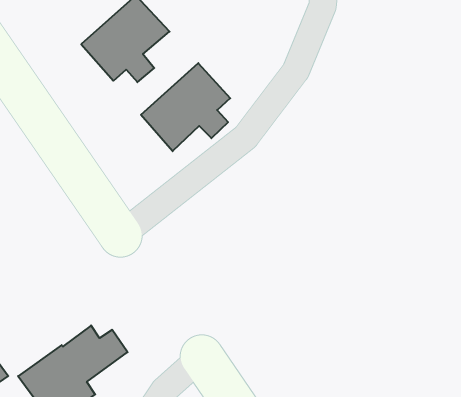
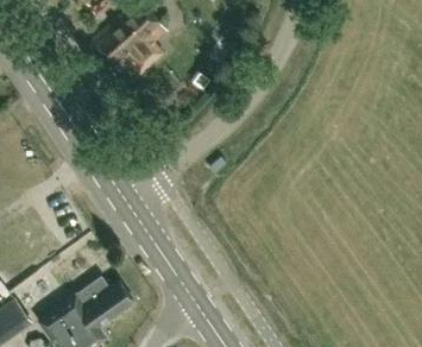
building: [141,63,230,151] -> none

